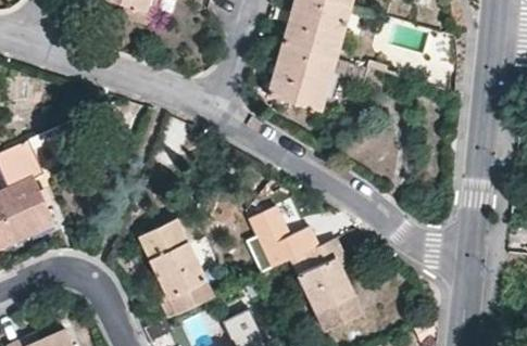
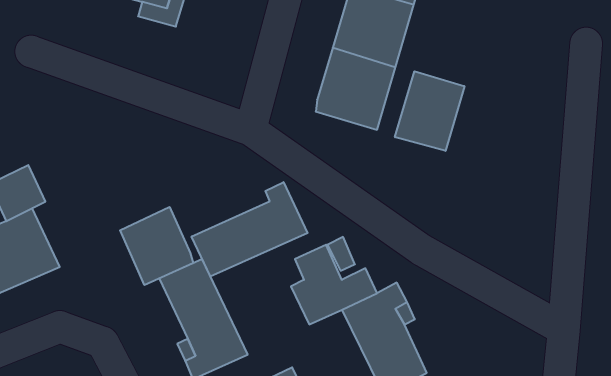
building: none -> [395,71,464,151]
building: none -> [192,182,308,277]
building: none -> [120,207,193,285]

